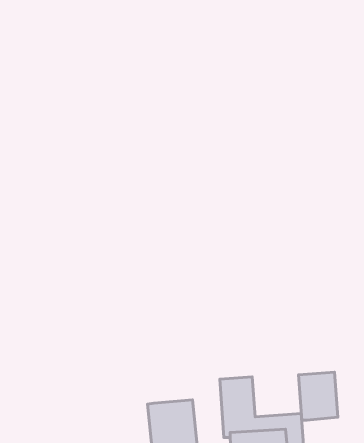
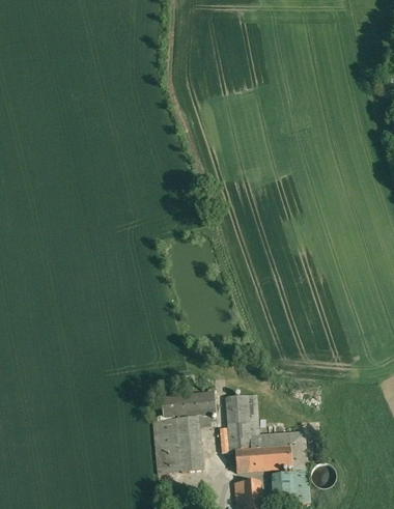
building: none -> [159,389,217,421]
building: [299,372,338,420] -> none

